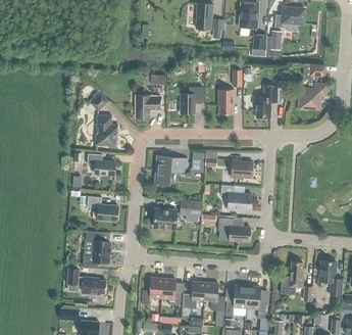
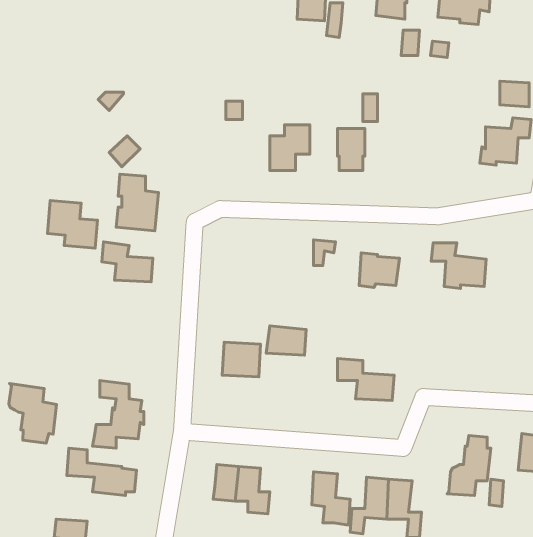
building: [254,85,276,116] -> none
building: [136,94,160,116] -> none
building: none -> [47,200,98,248]
building: [154,155,187,191] -> none
building: [220,185,251,210] -> [431,243,486,288]
building: [87,195,118,221] -> none
building: none -> [9,384,57,443]
building: [183,281,205,308] -> none

